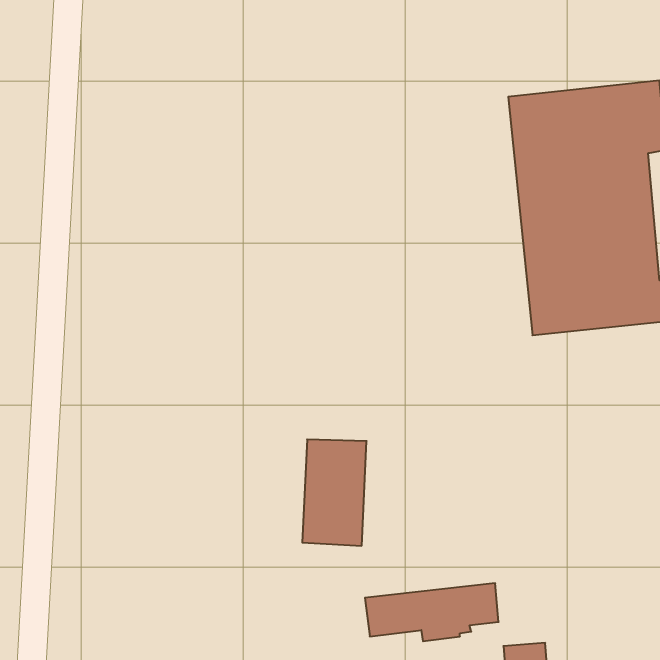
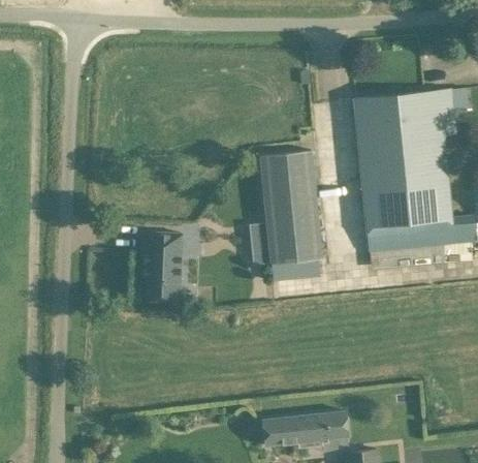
building: none -> [250,150,321,266]
building: [302,439,367,546] -> [140,233,182,301]

